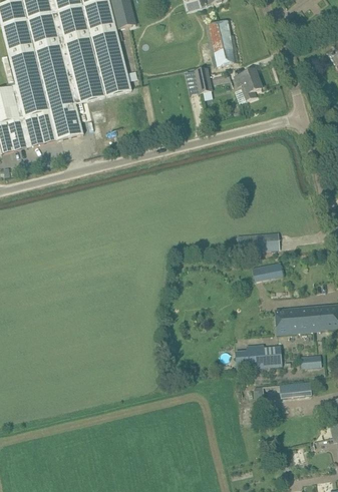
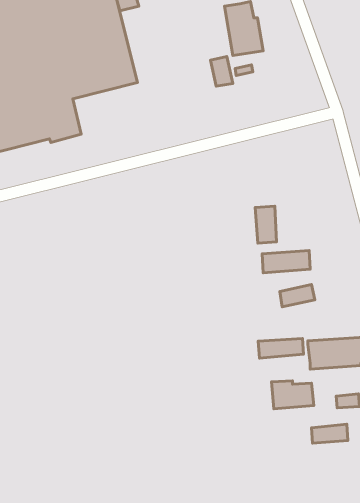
building: [234,68,262,99] -> none
building: none -> [255,206,276,243]
building: none -> [258,339,304,358]

